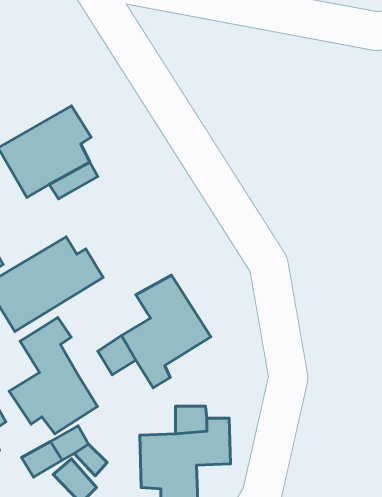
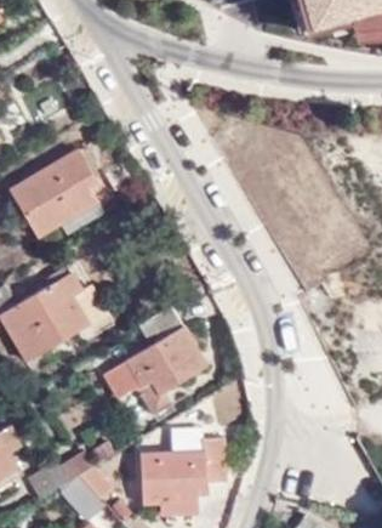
building: [9,317,98,434] -> none

